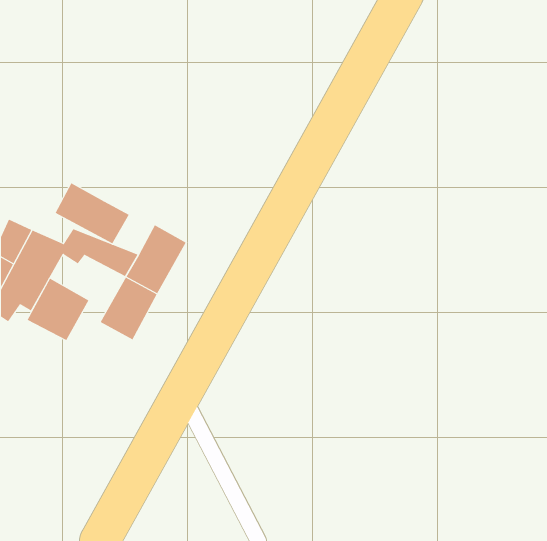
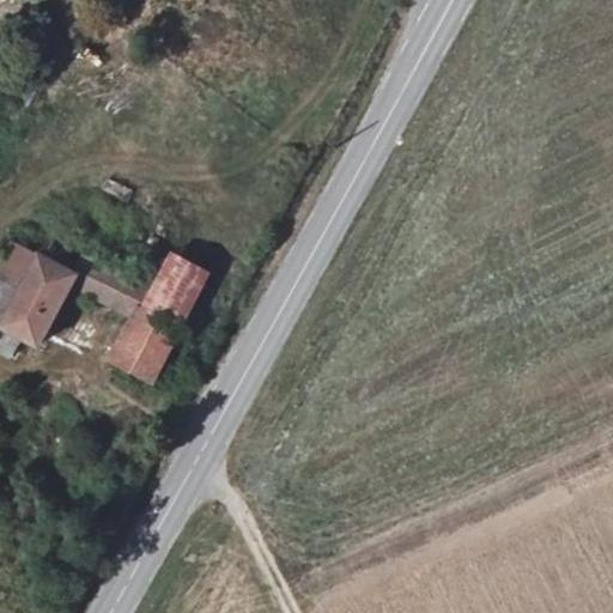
building: [55,182,129,244] -> none
building: [27,278,89,341] -> none

